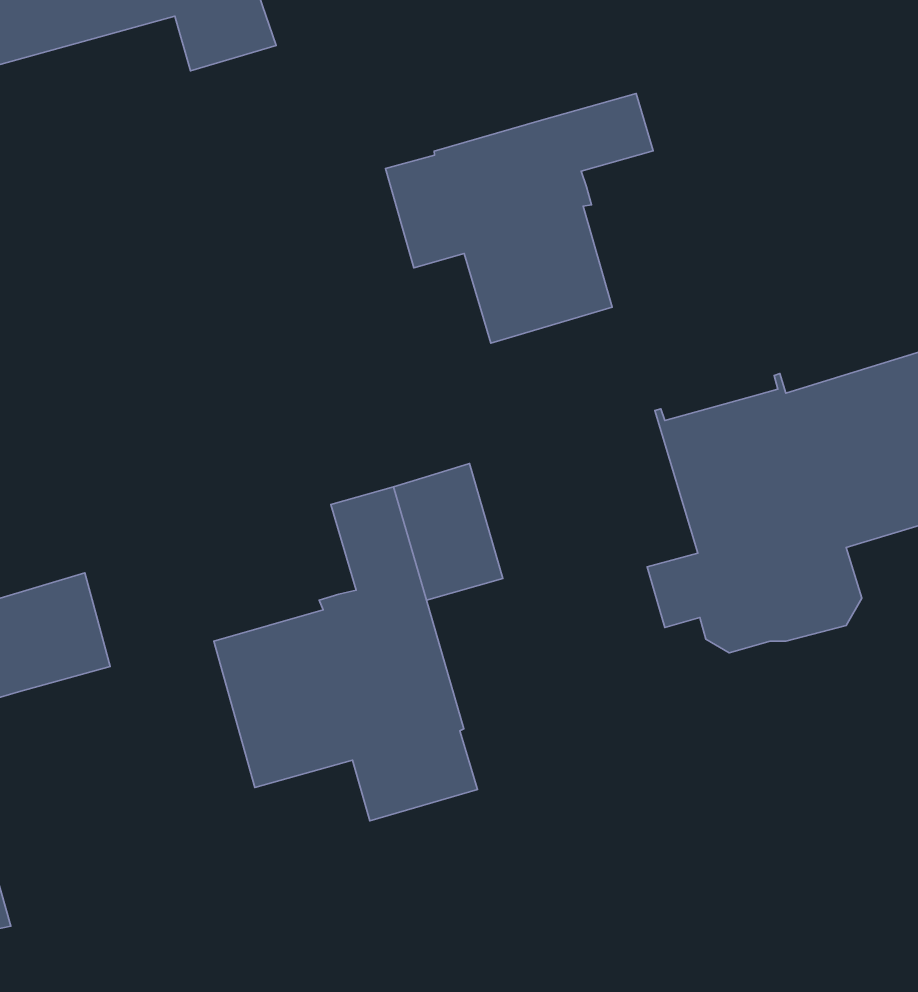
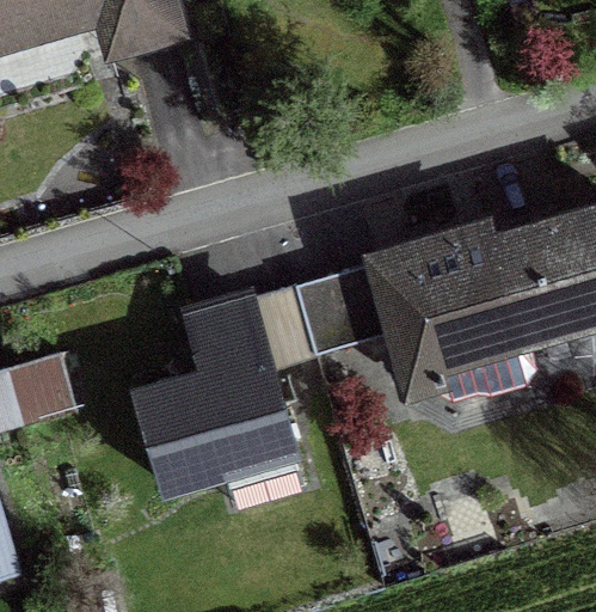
building: [385,93,653,343] -> none
building: none -> [291,262,395,356]

